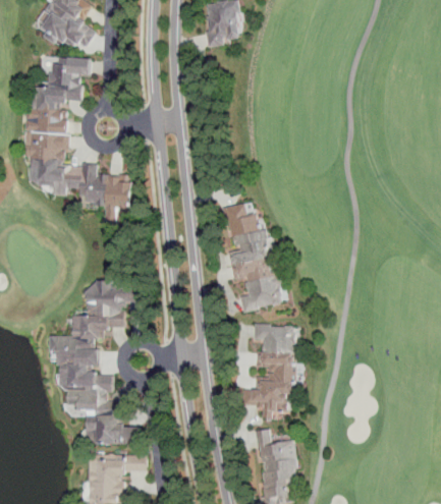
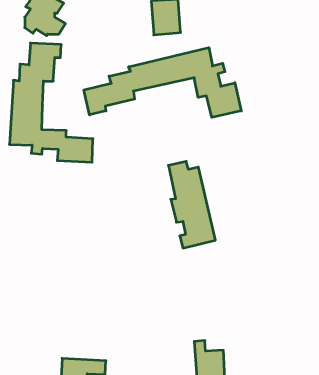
building: none -> [84,48,241,117]
building: [51,279,141,449] -> none
building: [250,324,298,412] -> none

